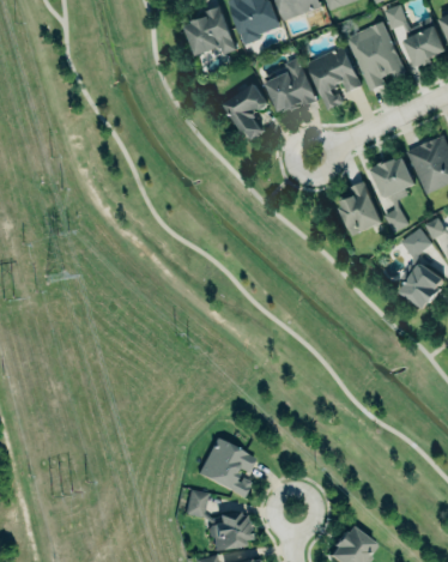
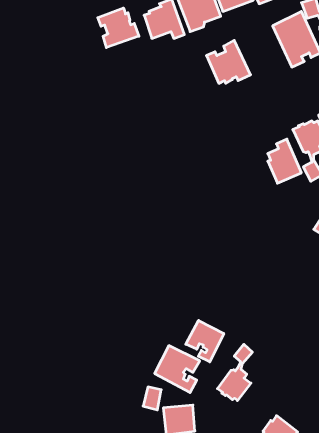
building: none -> [98,8,139,48]
building: [307,47,362,110] -> none
building: [223,84,267,140] -> none
building: none -> [186,320,224,362]
building: none -> [217,344,252,401]

